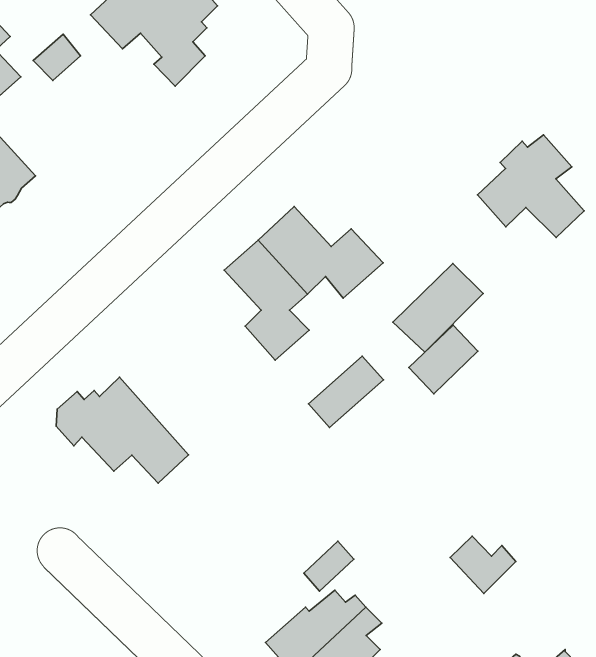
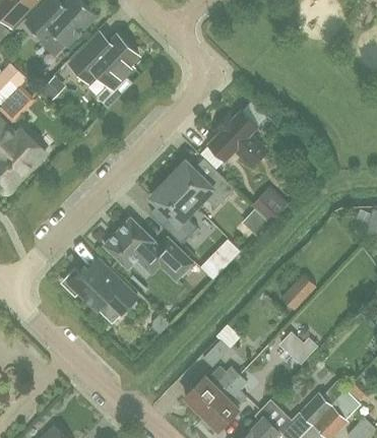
building: [478,135,584,237] -> [207,110,265,165]
building: none -> [103,217,193,279]
building: [409,325,478,394] -> [279,273,316,311]

